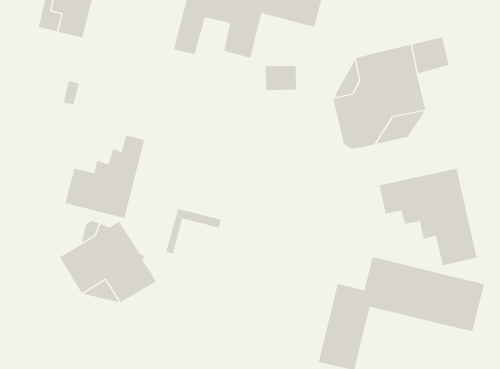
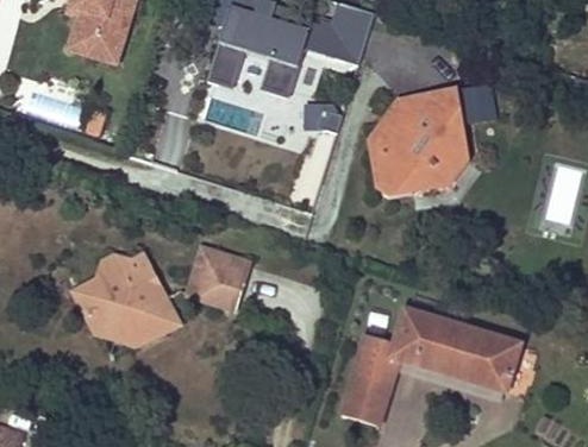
building: [65,135,145,219] -> none
building: [378,168,478,266] -> none
building: none -> [196,258,246,307]

